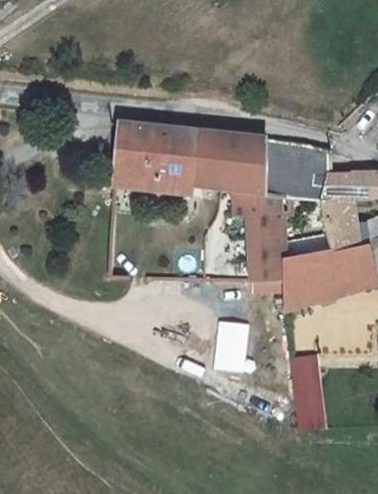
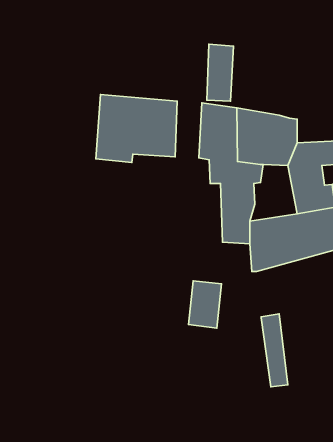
building: [200,130,228,190] -> [207,44,233,101]

